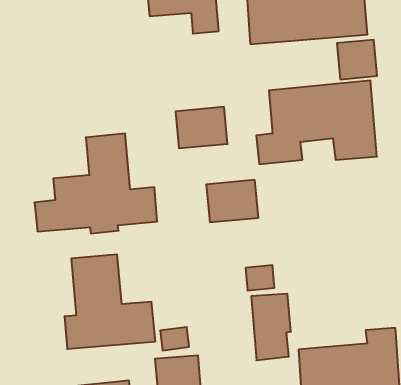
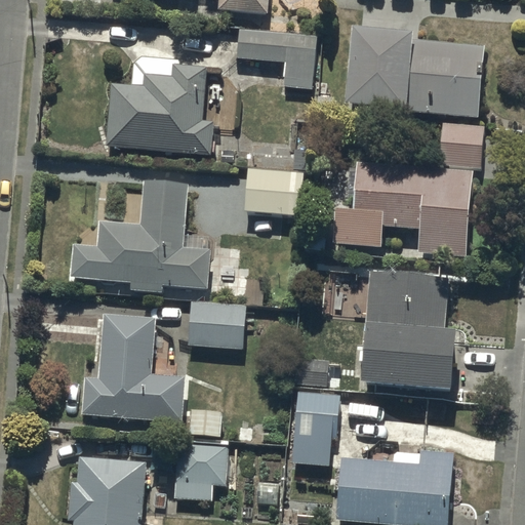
building: none -> [107,64,213,154]
building: none -> [361,271,456,393]
building: [206,180,258,222] -> [188,300,246,348]

